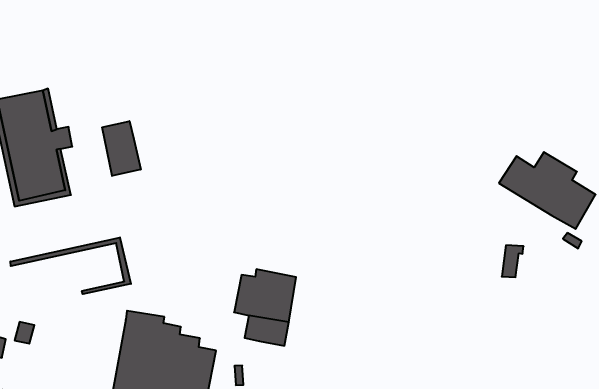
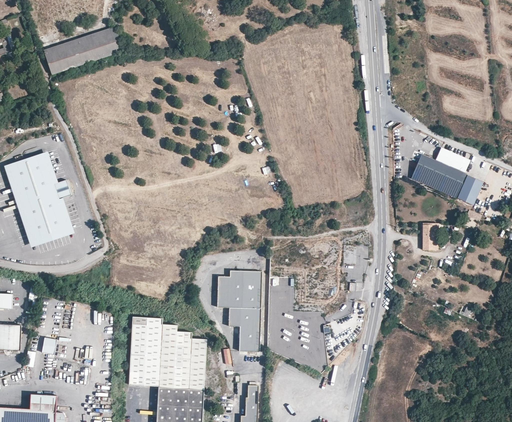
building: [102,121,141,176] -> none
building: [10,237,131,294] -> none
building: none -> [238,327,259,352]

